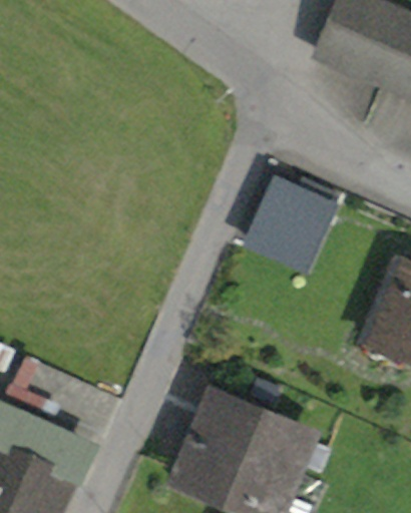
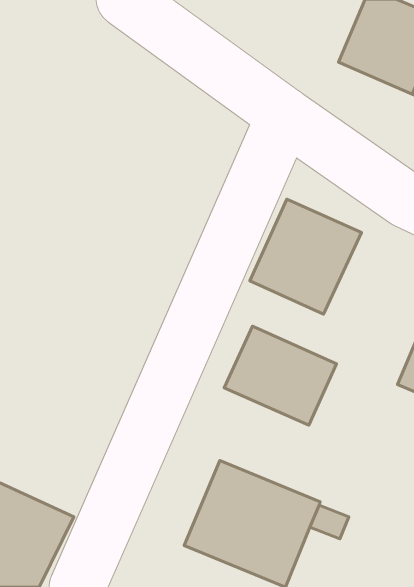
building: none -> [224,326,336,425]

